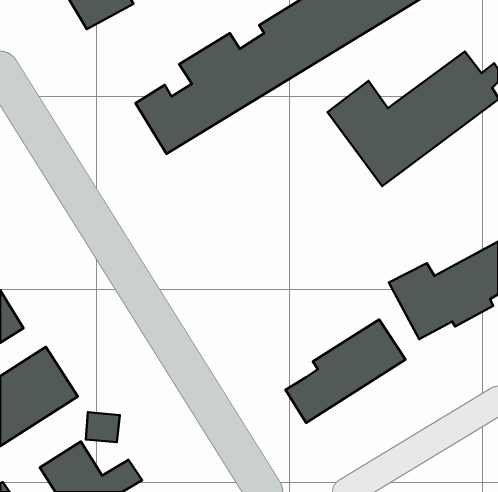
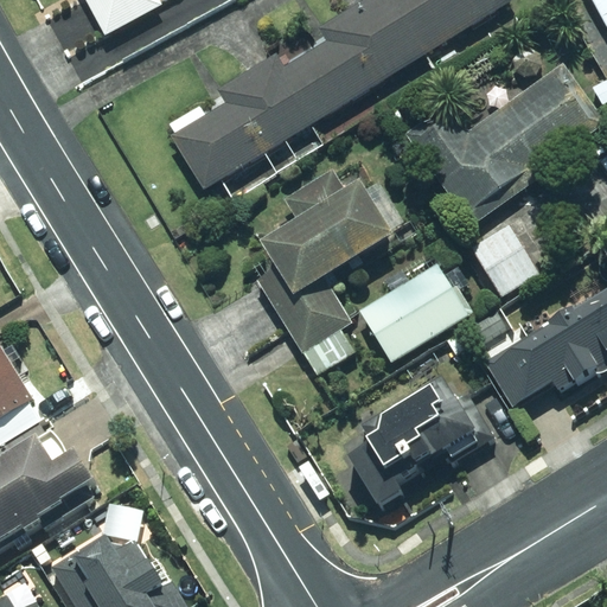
building: none -> [254,156,404,376]
building: none -> [465,221,541,301]
building: none -> [356,250,471,360]

